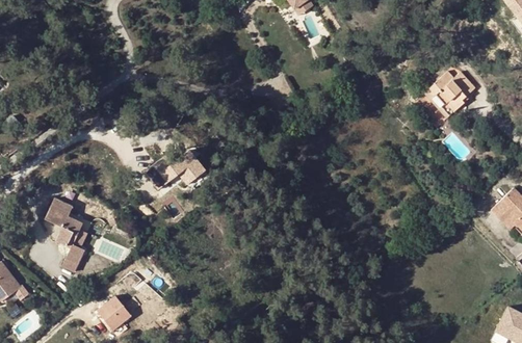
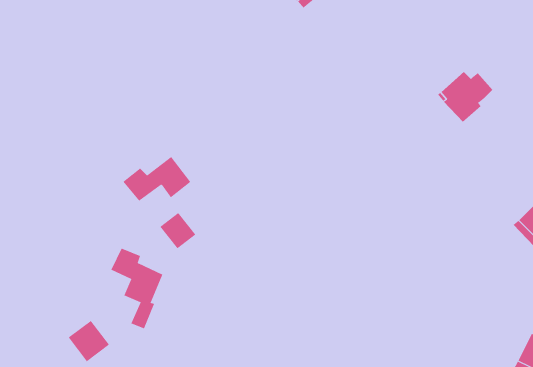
building: none -> [160,212,196,249]
building: [45,199,92,271] -> [111,248,163,329]

